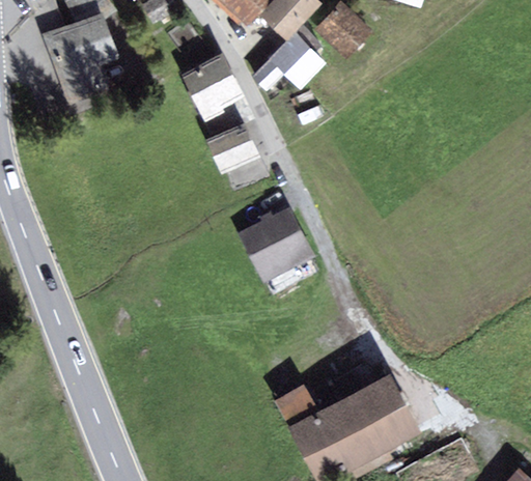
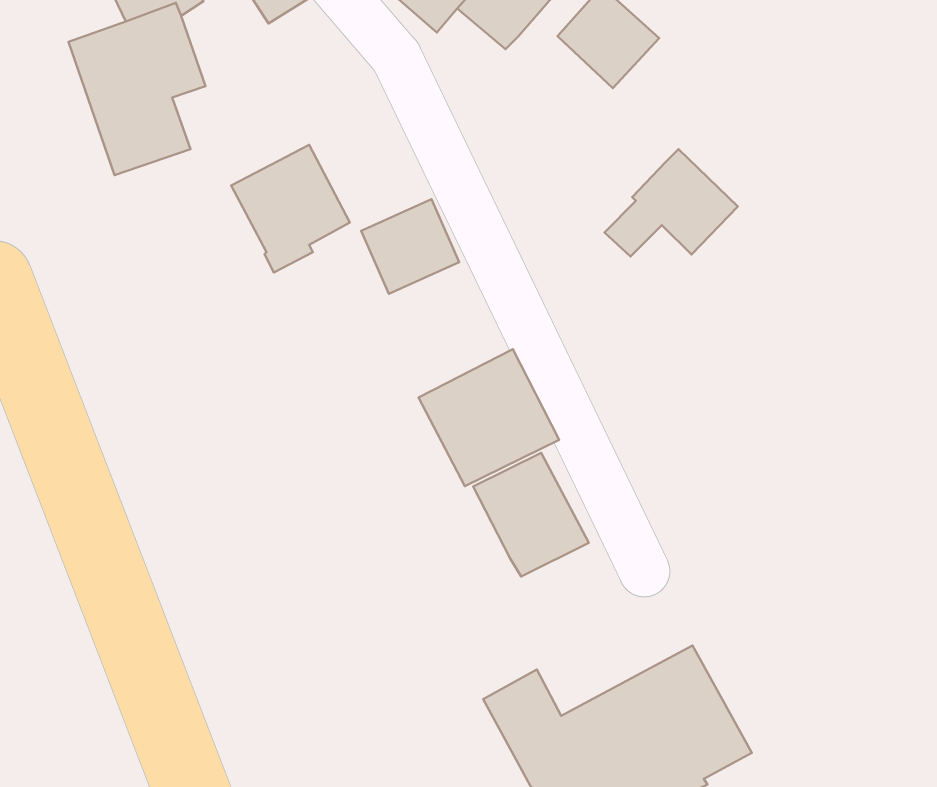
building: [251,30,326,90] -> [604,149,738,257]
building: [178,52,245,123] -> [231,145,350,273]
building: none -> [473,453,589,577]

